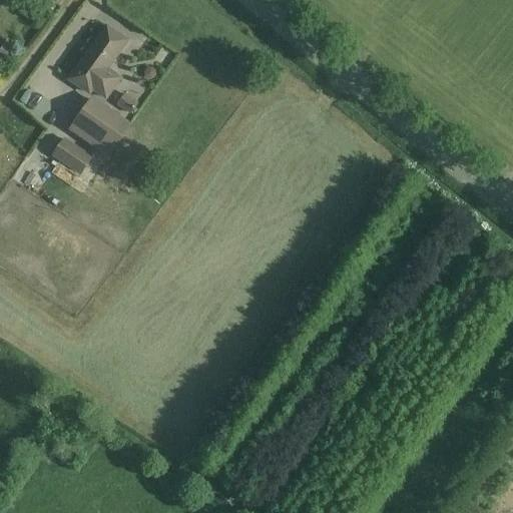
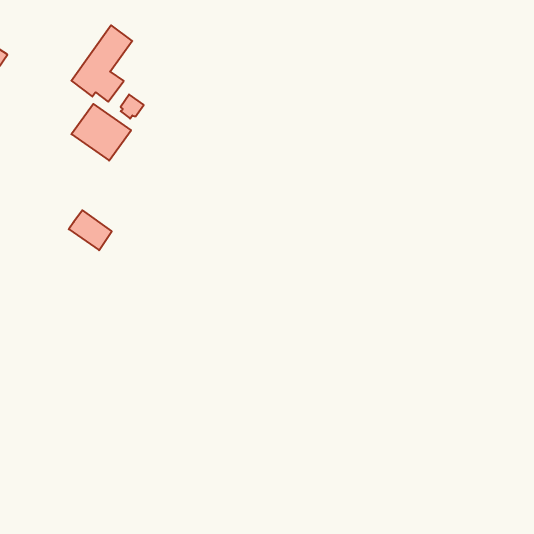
building: [50,135,91,173] -> [69,210,112,250]

